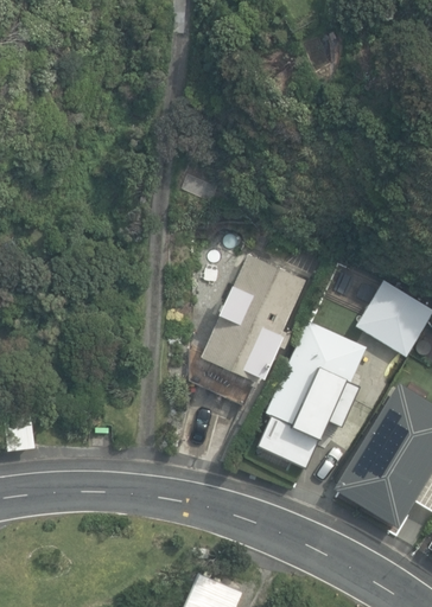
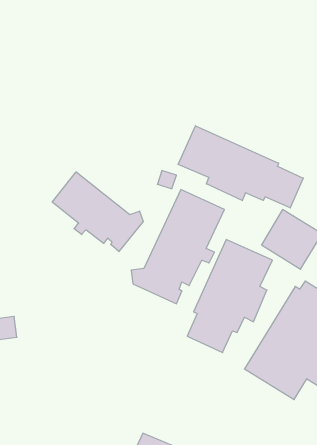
building: none -> [178,126,303,208]
building: none -> [52,172,143,252]

